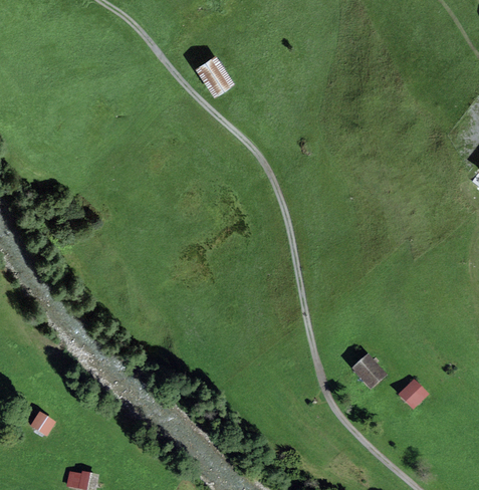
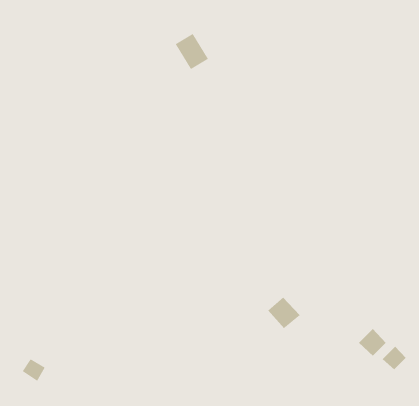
building: [352,354,389,390] -> [267,297,300,329]
building: none -> [382,346,406,370]

